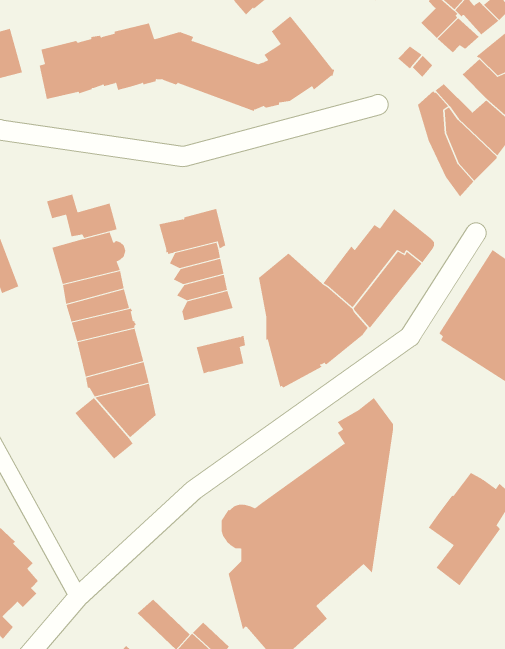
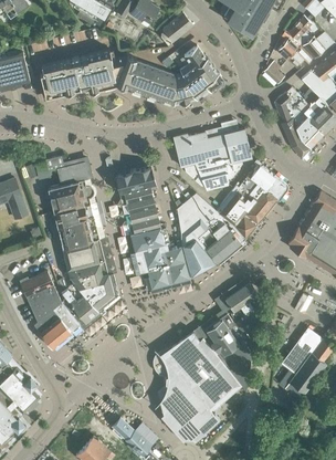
building: none -> [172,124,251,189]
building: none -> [130,227,169,251]
building: none -> [146,247,189,288]
building: none -> [21,272,80,348]

